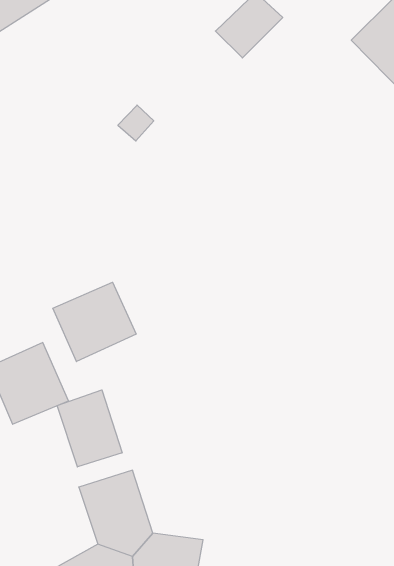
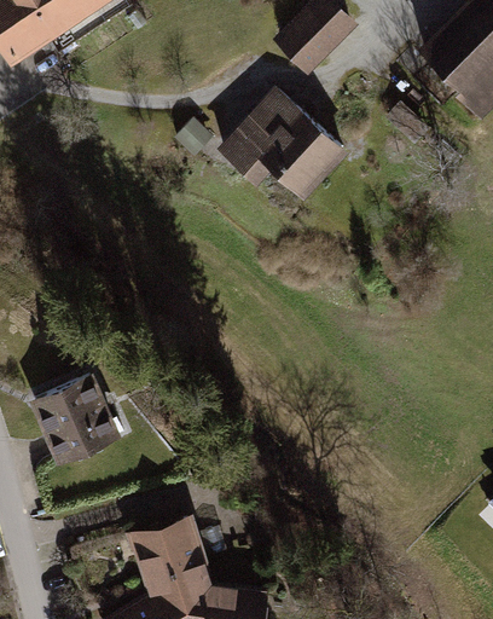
building: none -> [226,96,341,193]
building: [53,282,136,362] -> none
building: [57,390,122,467] -> none

